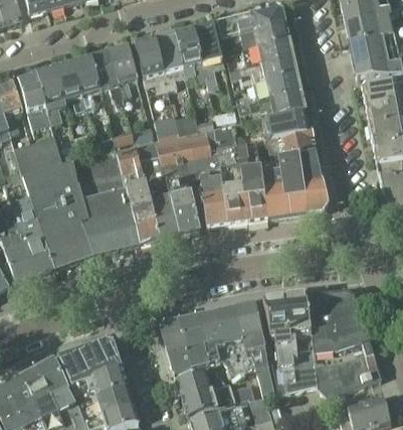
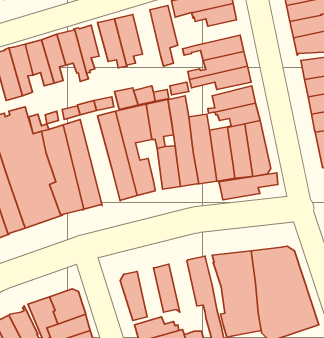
building: [174,27,205,82] -> none
building: [242,38,293,66] -> none
building: [116,145,160,245] -> none
building: none -> [219,173,278,200]
building: [214,306,255,377] -> none
building: [179,314,208,369] -> none

